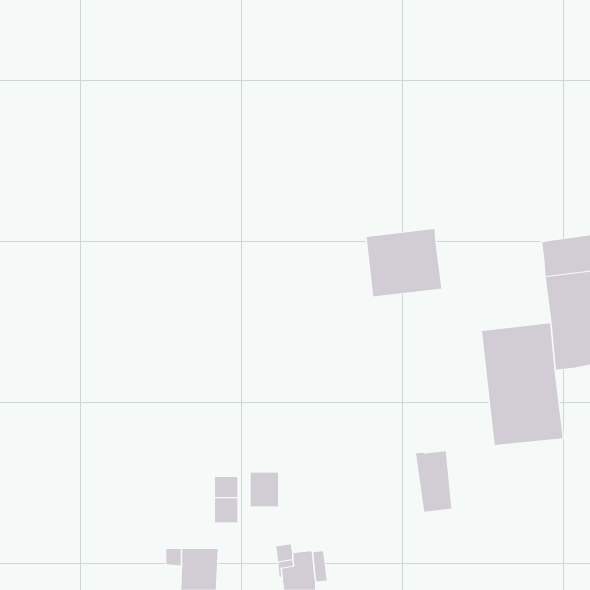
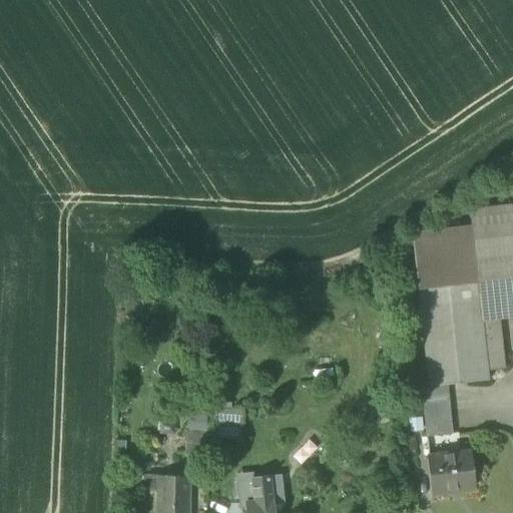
building: [366,229,442,297] -> [412,227,478,287]
building: none -> [482,319,505,370]
building: [415,451,452,512] -> [421,384,453,437]
building: none -> [427,452,476,493]

